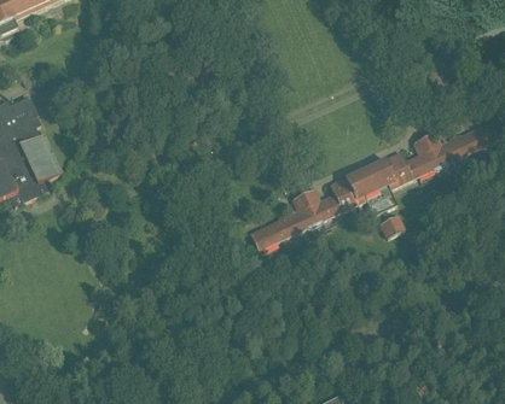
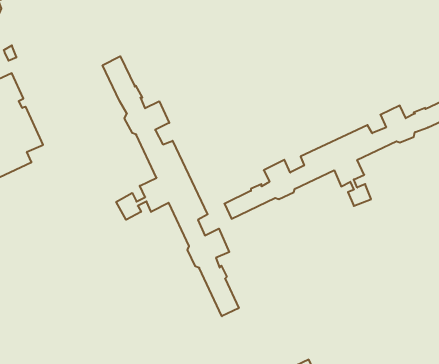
building: none -> [103,56,239,316]

